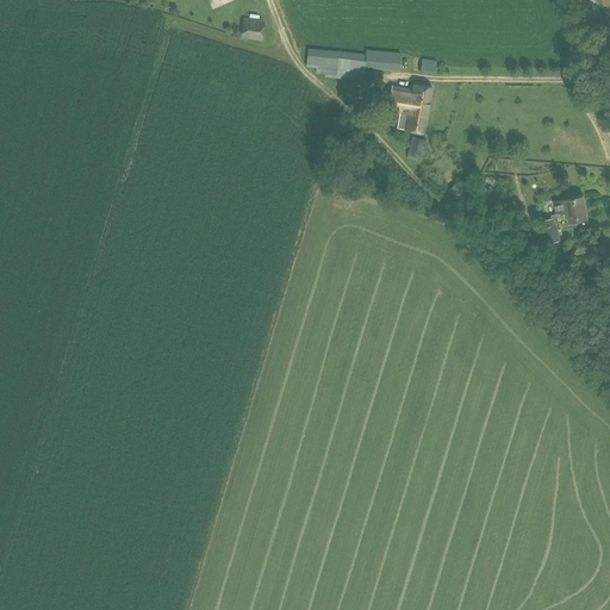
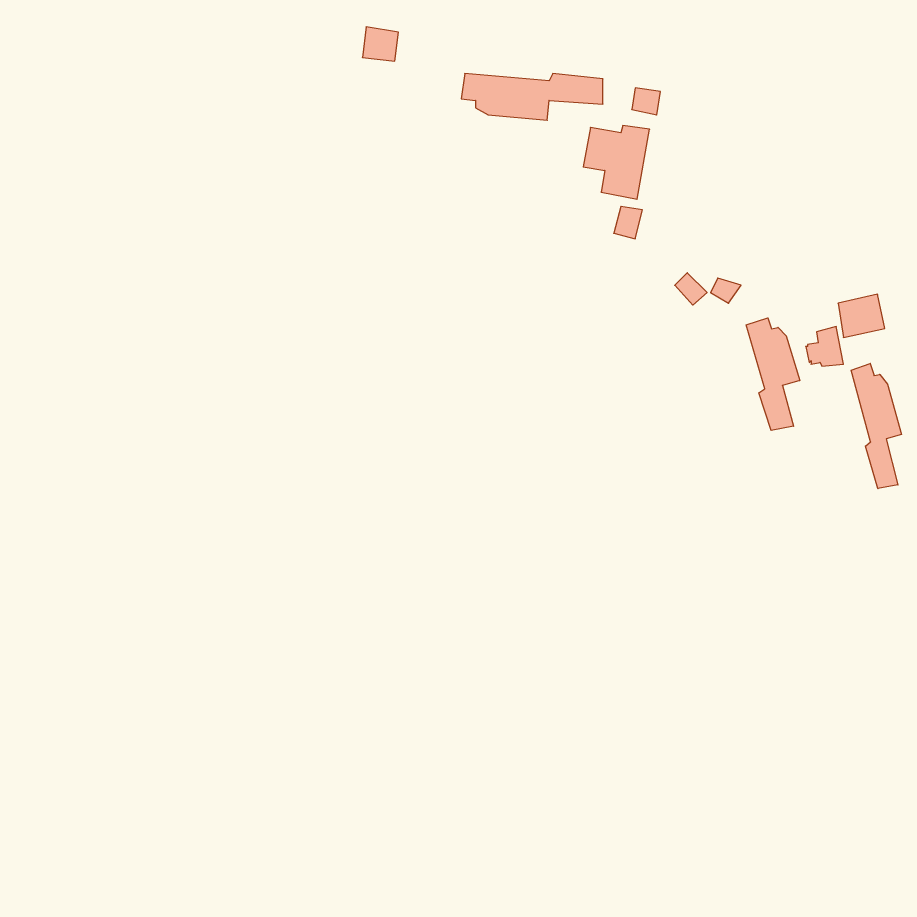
building: none -> [746,318,800,430]
building: none -> [851,363,901,489]

